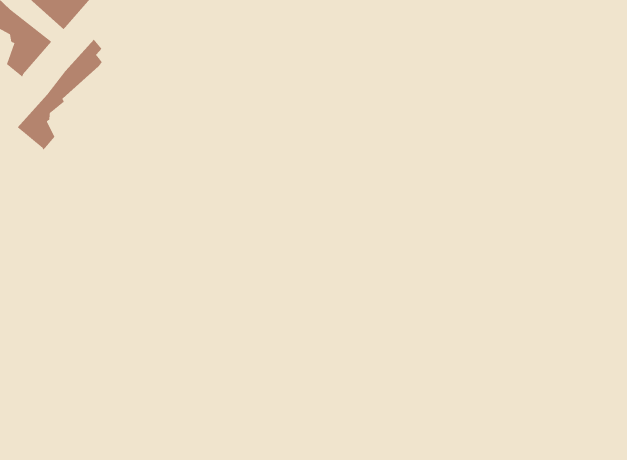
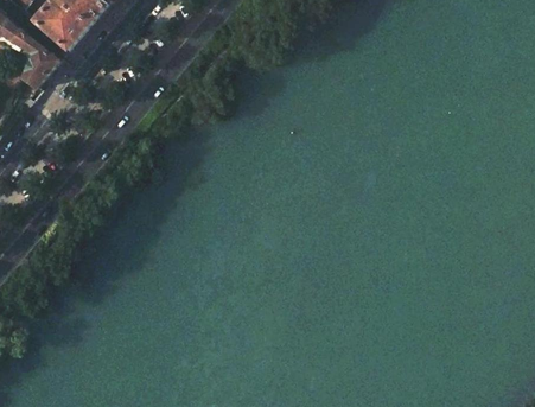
building: [17,39,102,151] -> none

